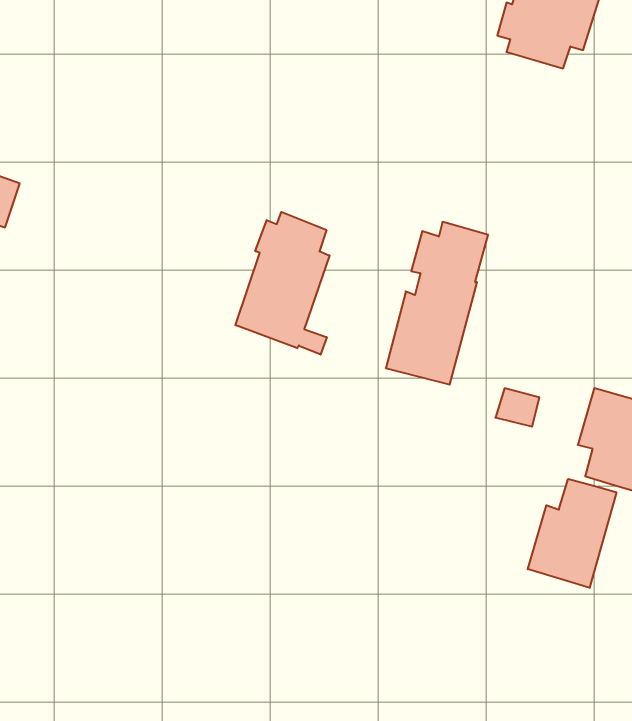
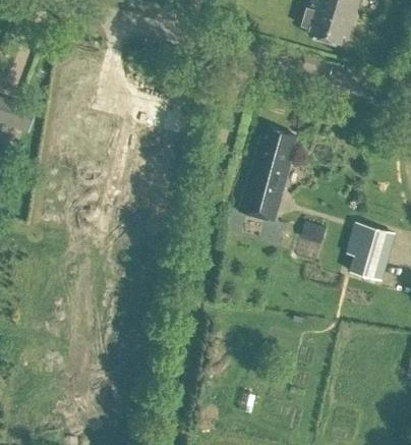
building: [235,212,330,355] -> none
building: [528,479,616,588] -> none

